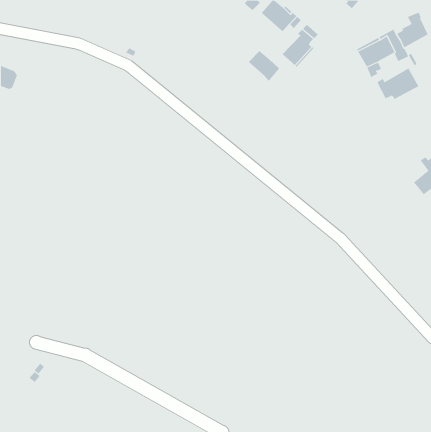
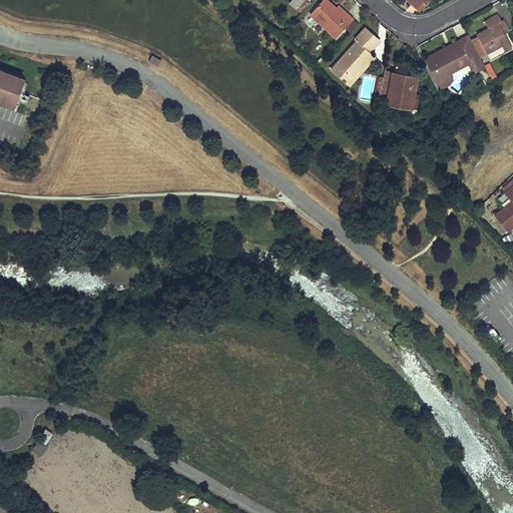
building: [248,50,280,81] -> none
building: none -> [378,72,417,109]
building: [377,68,419,100] -> none

